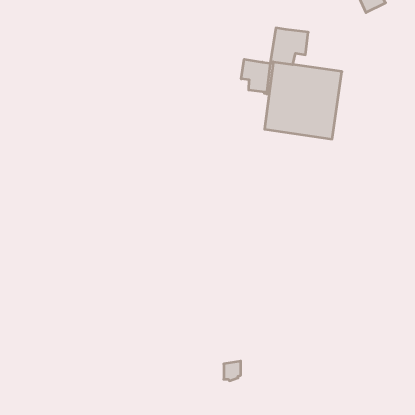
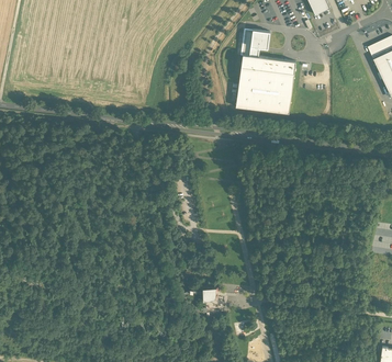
building: [241,59,270,94] -> none

